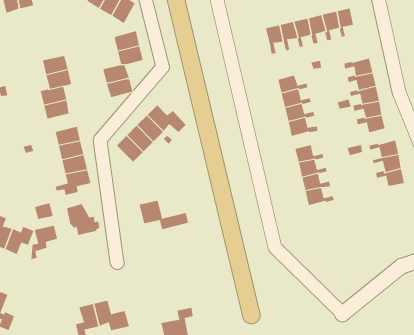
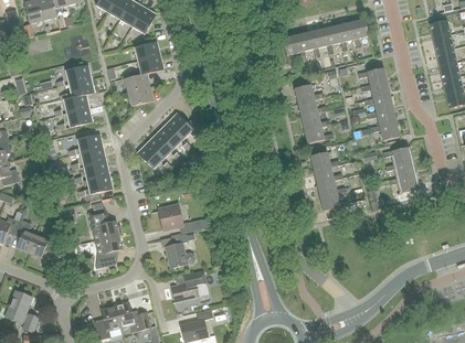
building: [31,225,58,259] -> [96,235,123,268]
building: none -> [165,234,194,268]
building: none -> [171,270,210,302]

